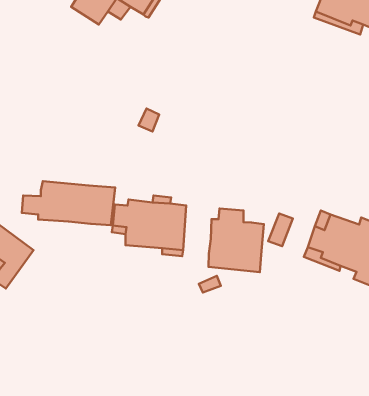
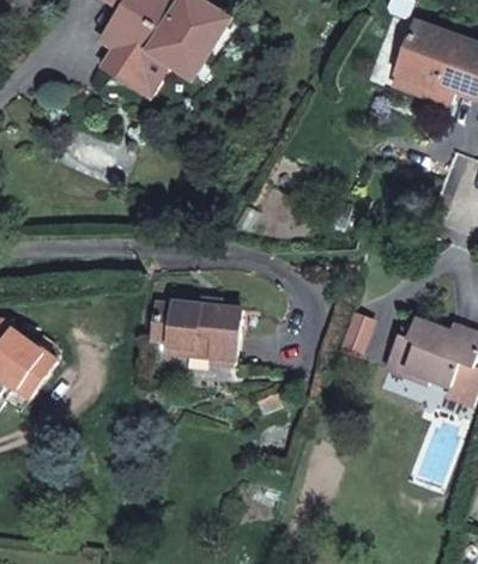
building: [22,181,115,225] -> none
building: [208,209,264,272] -> none

